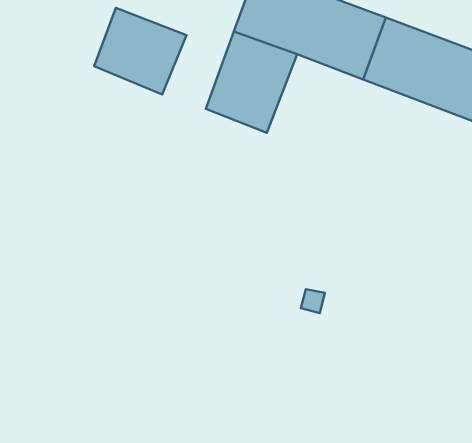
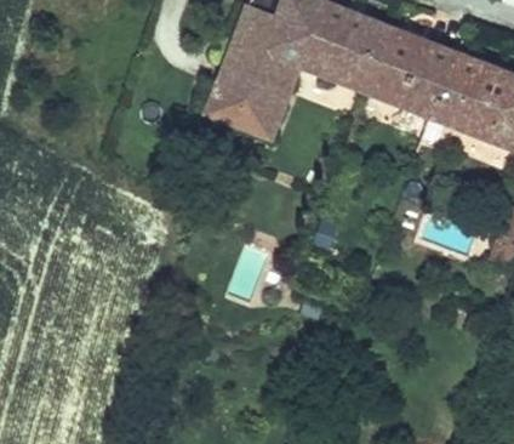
building: [94,8,186,94] -> none

